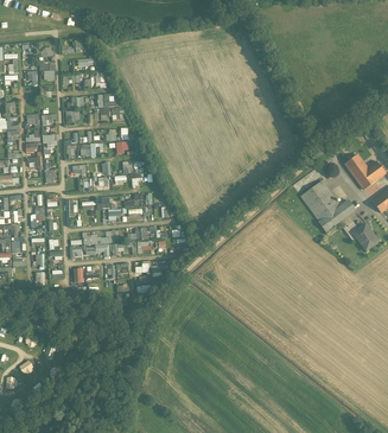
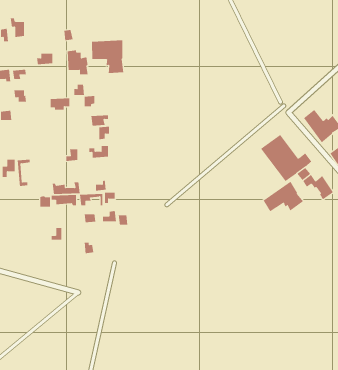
building: none -> [91,39,124,74]
building: none -> [263,181,304,212]

